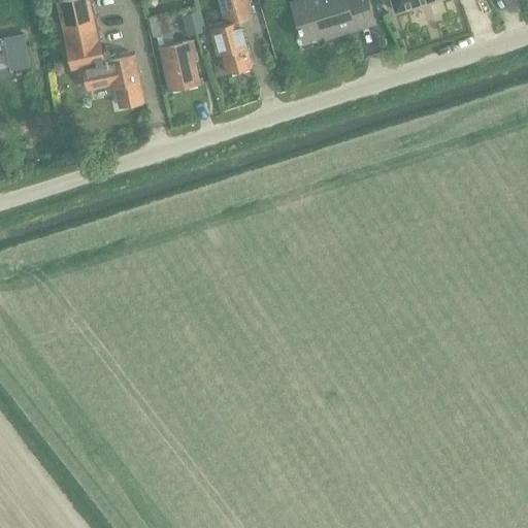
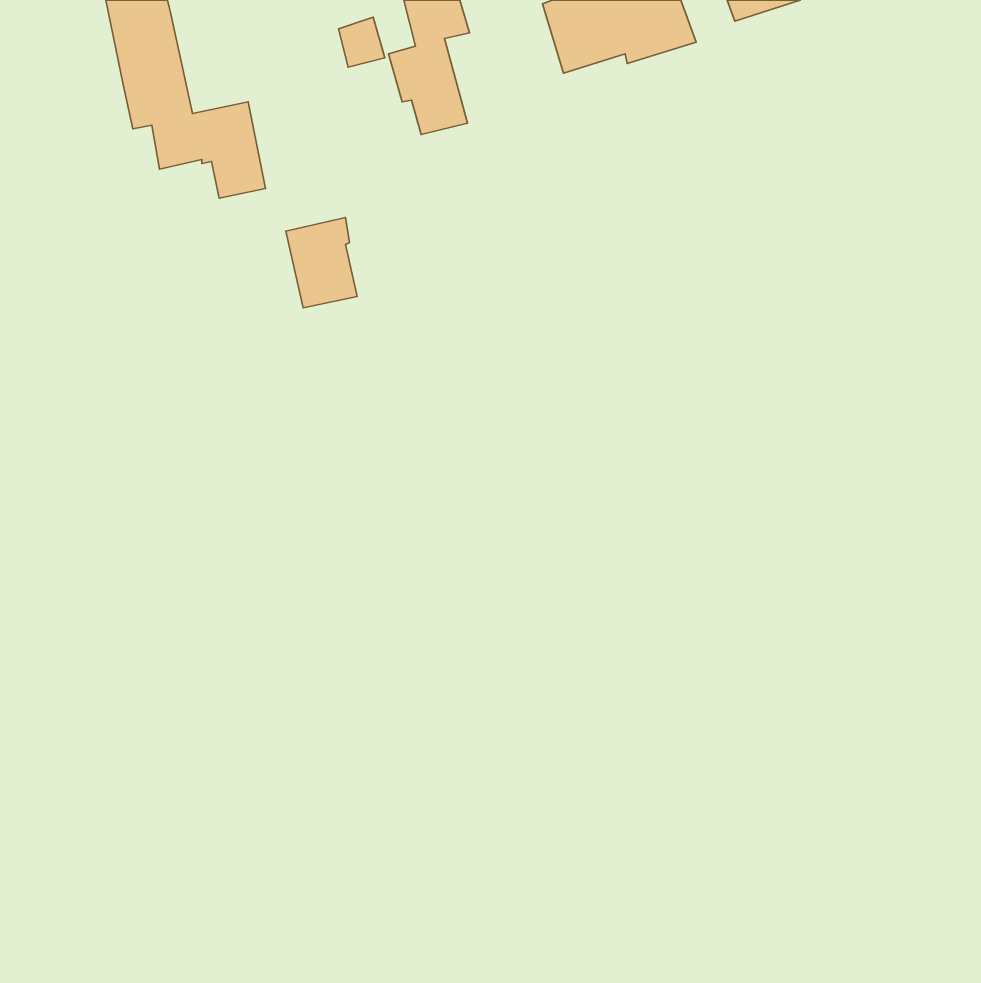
building: [5,34,28,70] -> none
building: [160,40,198,89] -> [286,218,357,308]

